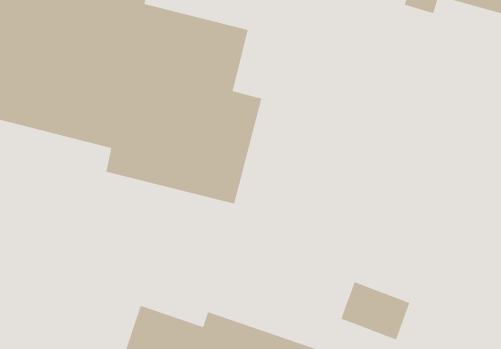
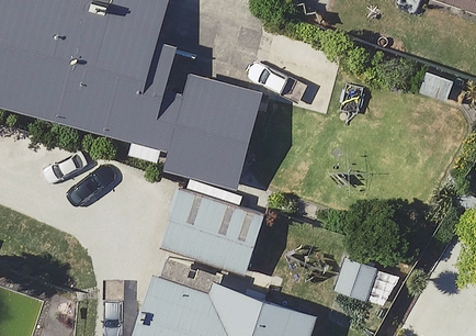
building: none -> [161,188,261,273]

